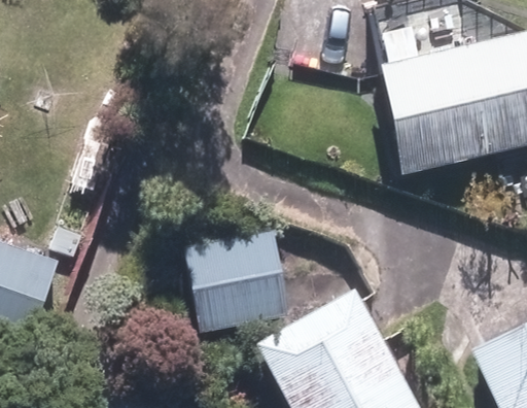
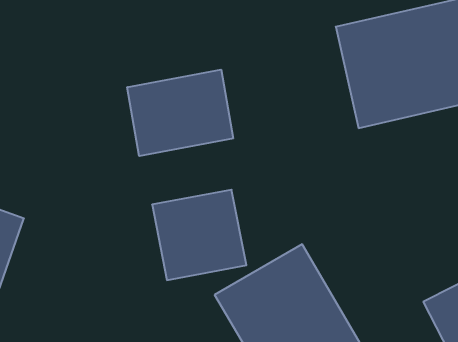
building: none -> [127,70,233,156]

